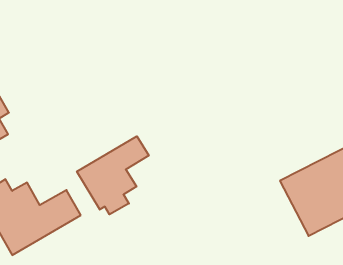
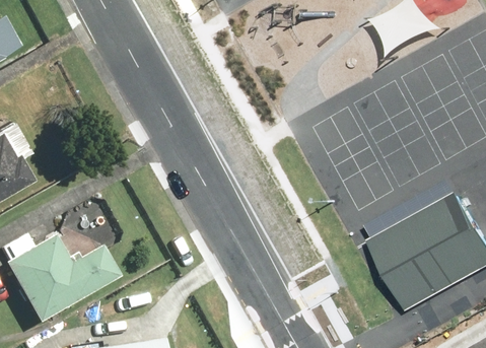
building: [77,136,149,214] -> none

